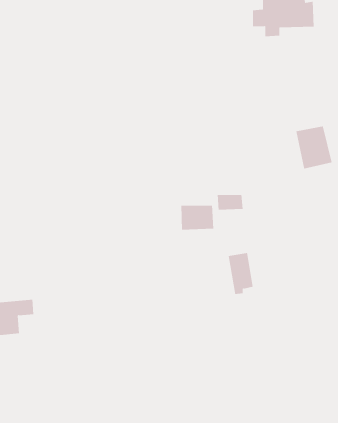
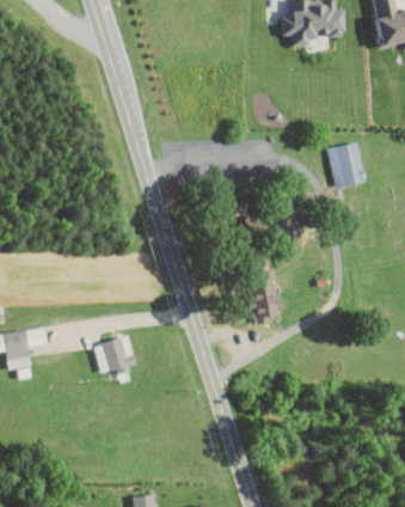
building: [181,205,214,231] -> none
building: none -> [93,337,135,373]

